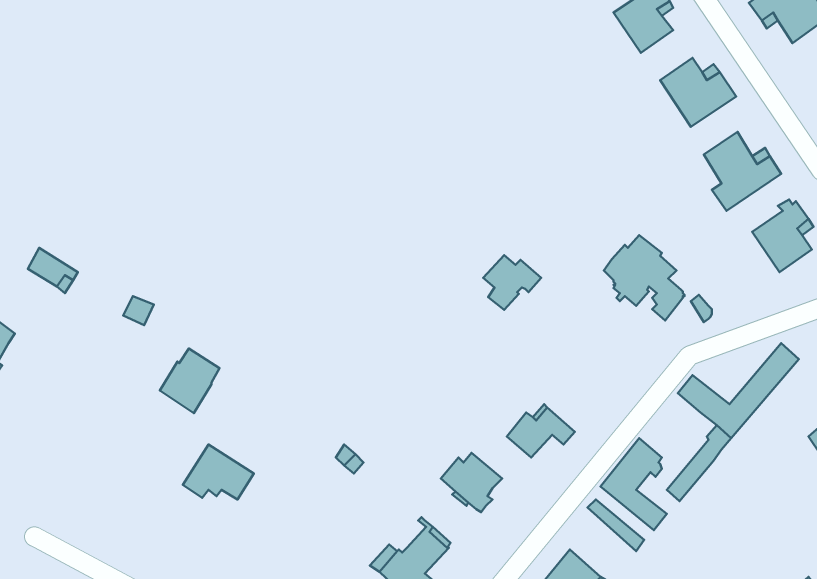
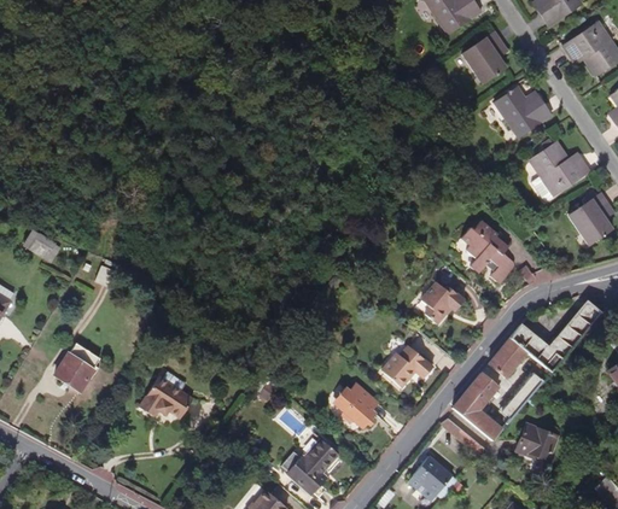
building: [483,255,541,310] -> [421,282,465,323]
building: [160,349,220,413] -> [56,343,100,391]
building: none -> [489,338,527,376]
building: none -> [515,423,558,462]

